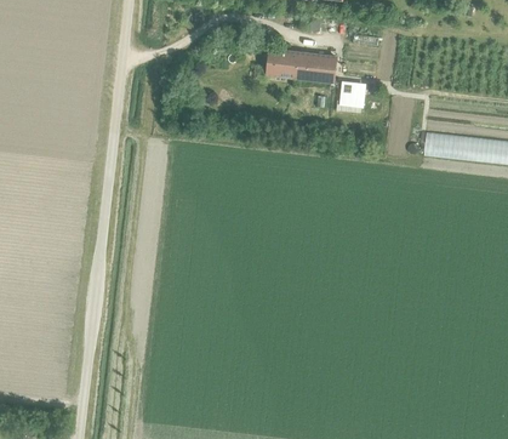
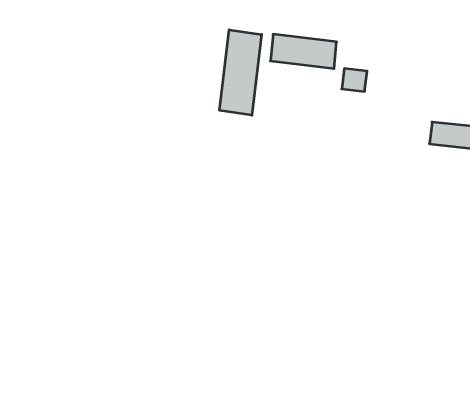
building: none -> [220,30,262,115]

